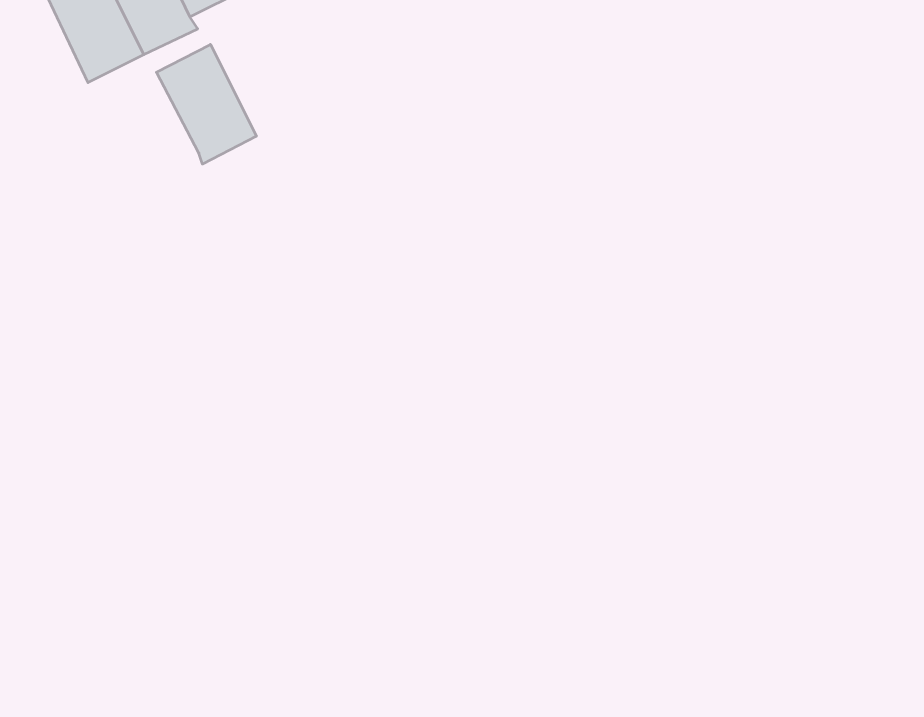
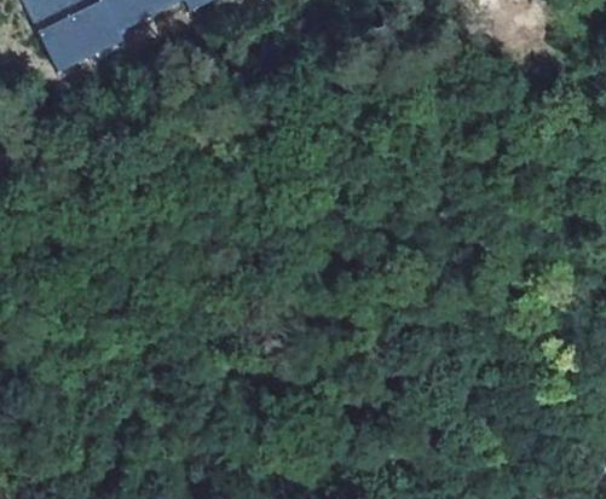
building: [156,44,256,164] -> none

